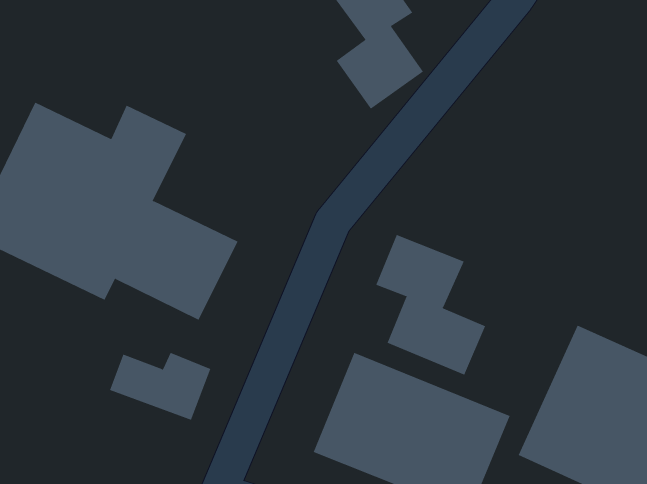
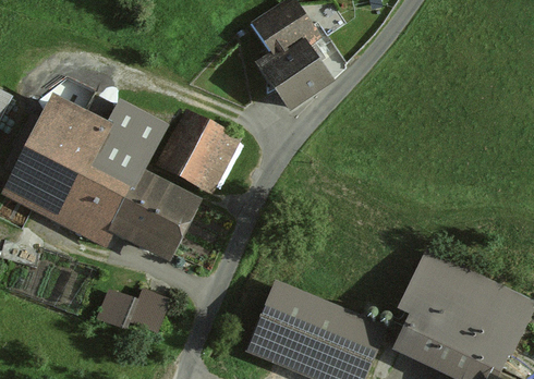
building: none -> [160,113,238,191]
building: [376,234,486,376] -> none

